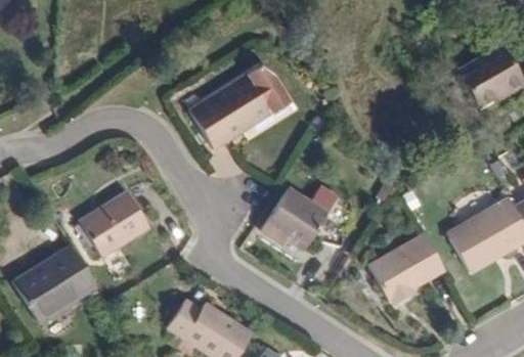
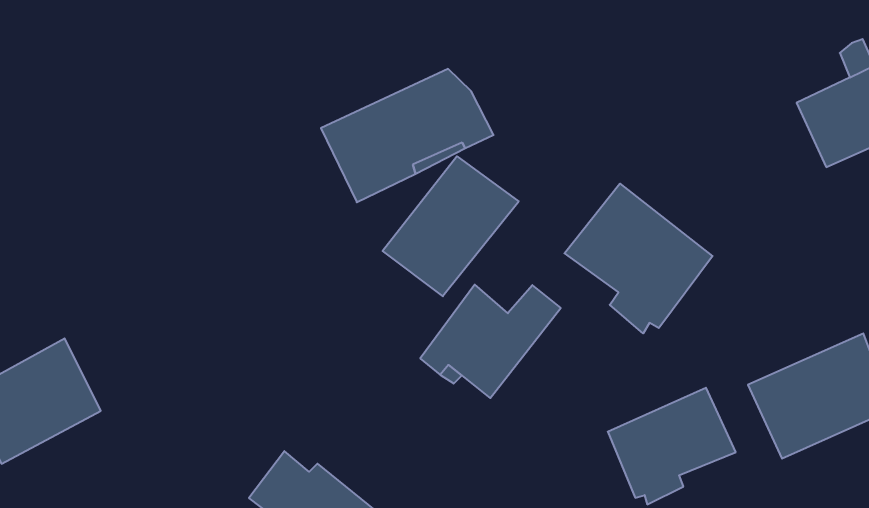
building: none -> [383,156,519,296]
building: none -> [564,184,713,333]
building: [82,188,151,256] -> none

